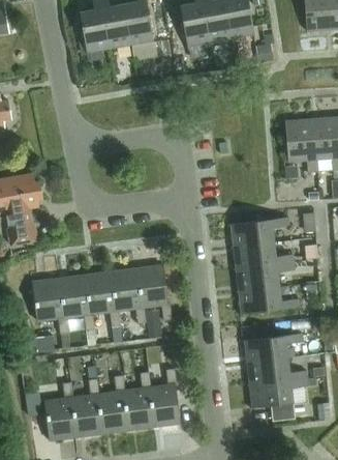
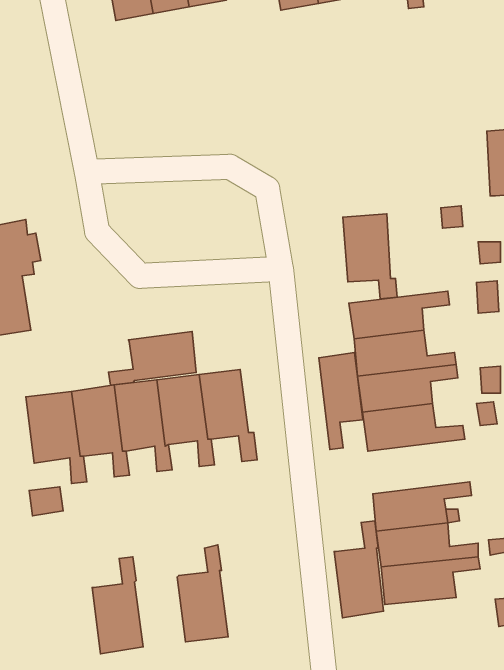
building: [285,119,318,171] -> [343,214,397,299]
building: none -> [109,331,196,385]
building: none -> [319,352,363,449]
building: [150,368,180,427] -> [334,521,383,618]
building: [98,375,129,433] -> none
building: [44,381,78,440] -> none

